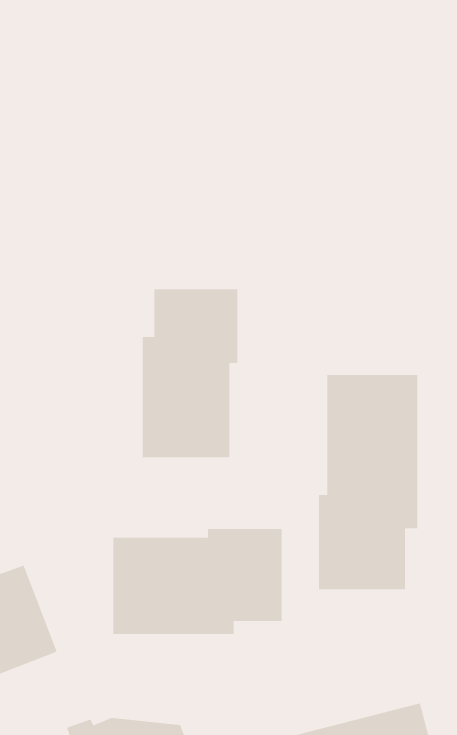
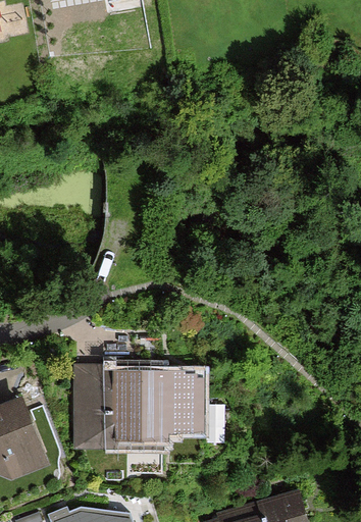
building: [142,288,238,458] -> none
building: [319,374,418,590] -> none

